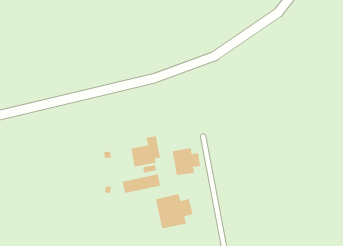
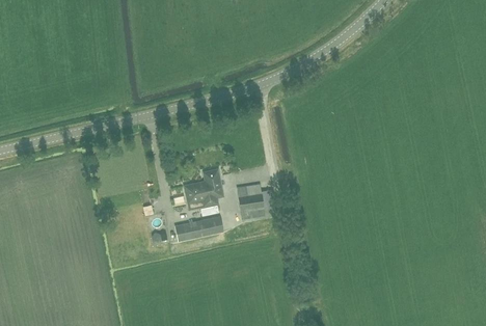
building: [156,193,193,229] -> none

